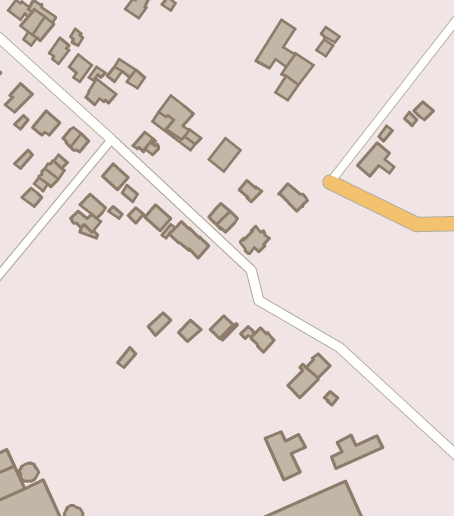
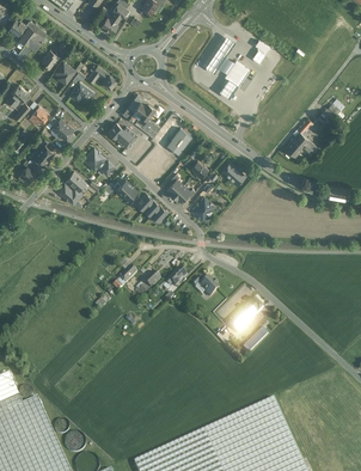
building: [265,432,305,480] -> none
building: [332,435,383,469] -> none

